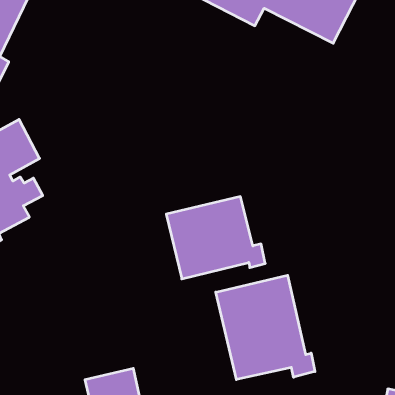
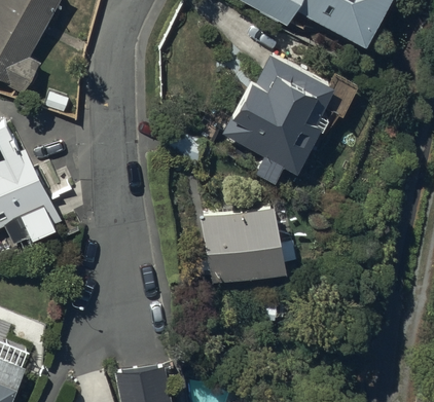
building: none -> [220,52,334,184]
building: [216,275,315,380] -> none

